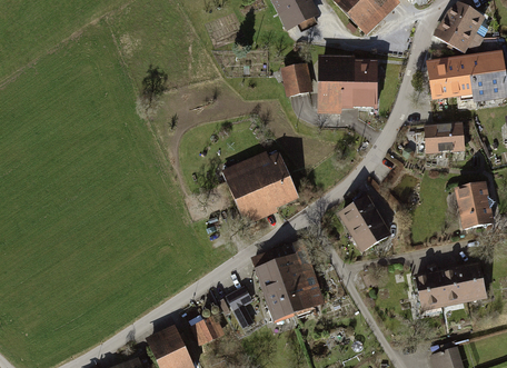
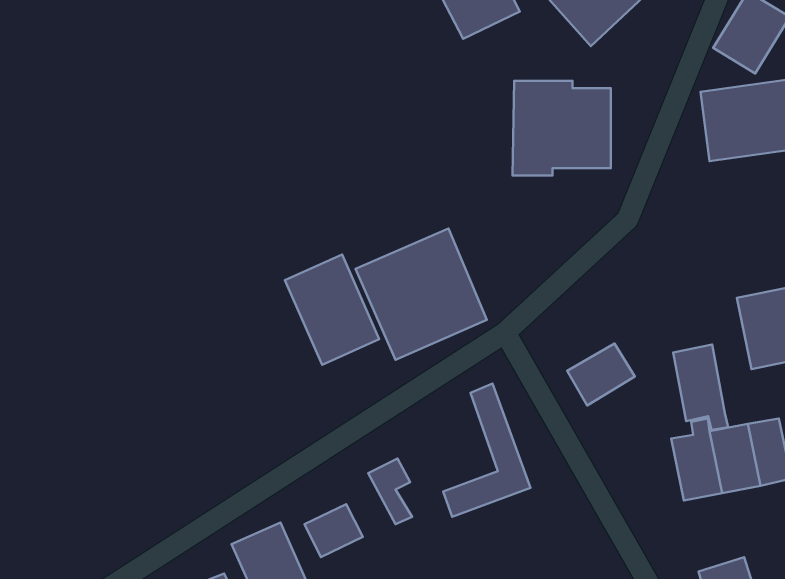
building: [279,62,312,96] -> none
building: [424,121,465,152] -> none
building: none -> [285,255,379,365]
building: [337,196,378,232] -> none
building: none -> [673,345,728,430]
building: [256,246,307,306] -> none

